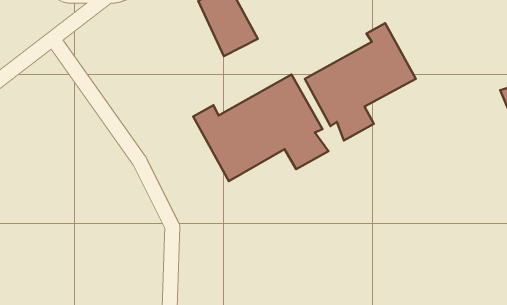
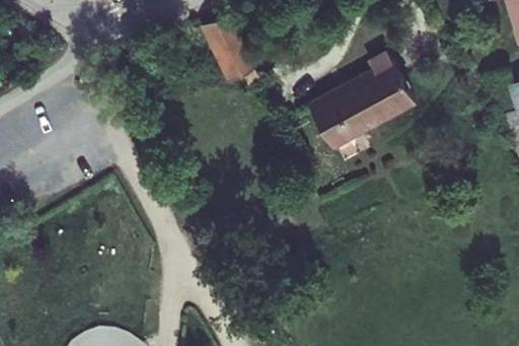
building: [193,75,329,181] -> none

